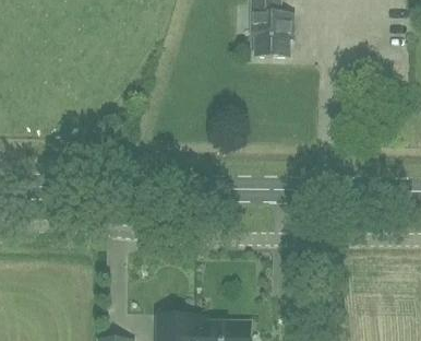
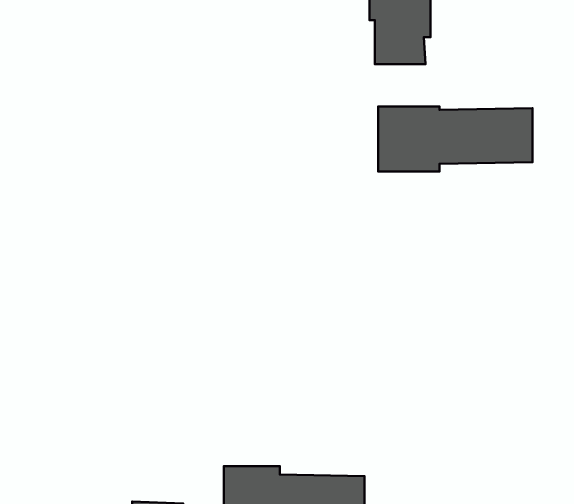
building: none -> [378,107,533,172]

